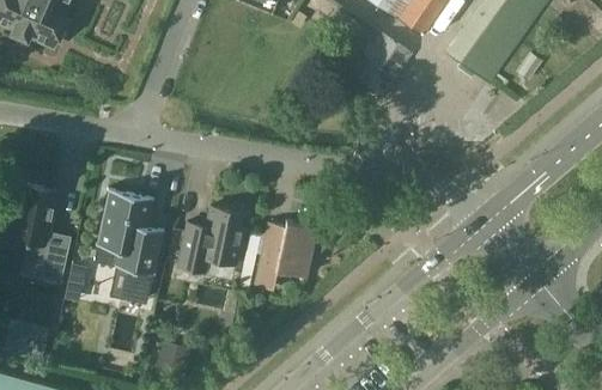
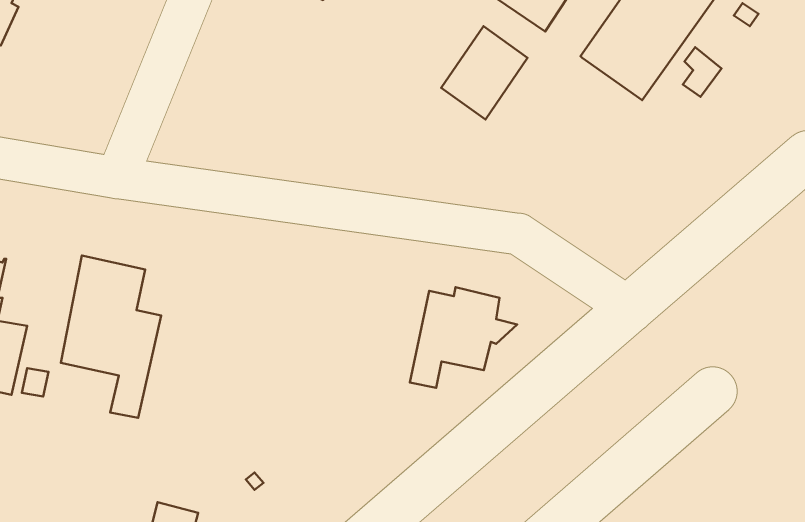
building: [177,207,244,273] -> none
building: [255,220,328,288] -> [410,287,517,388]

